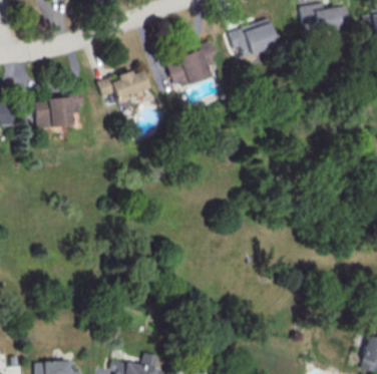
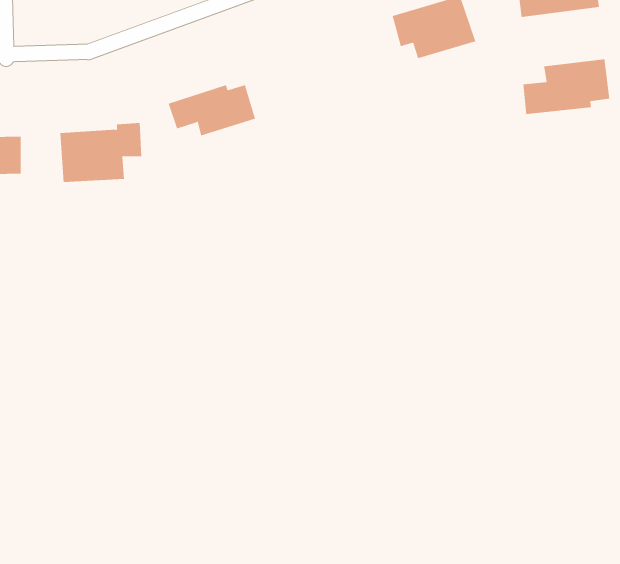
building: [166,40,217,88] -> none
building: none -> [523,59,610,115]

